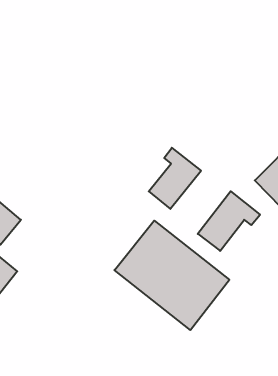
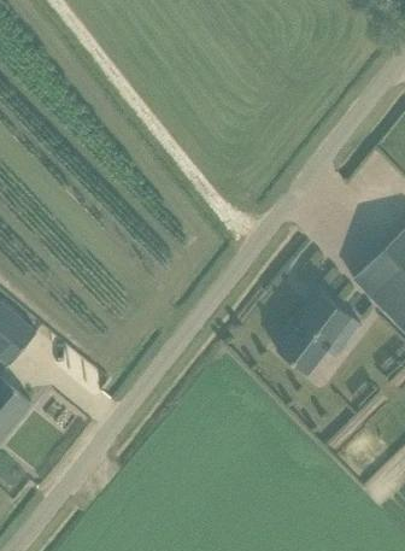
building: [149,148,201,209] -> none
building: [114,221,229,330] -> none

